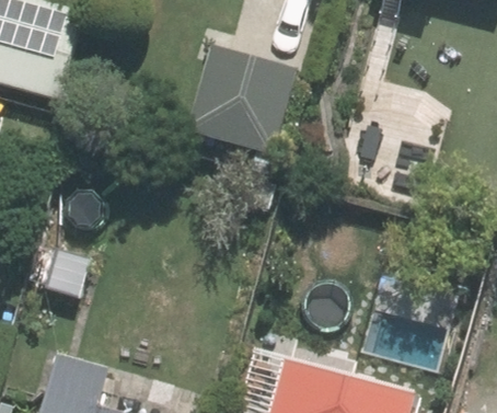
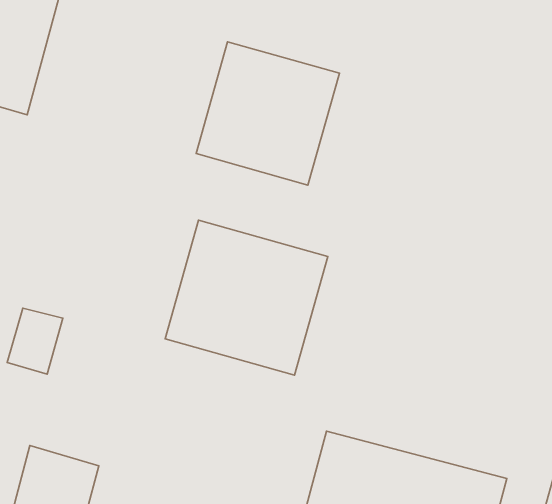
building: none -> [165,220,328,375]

